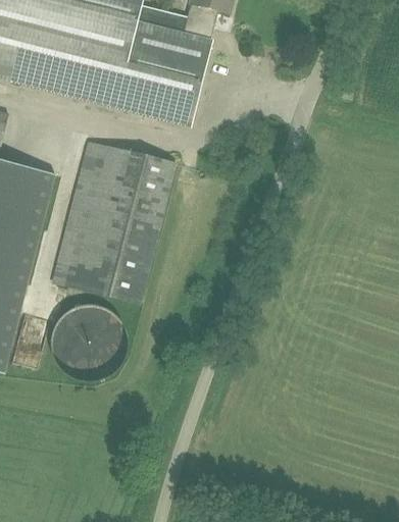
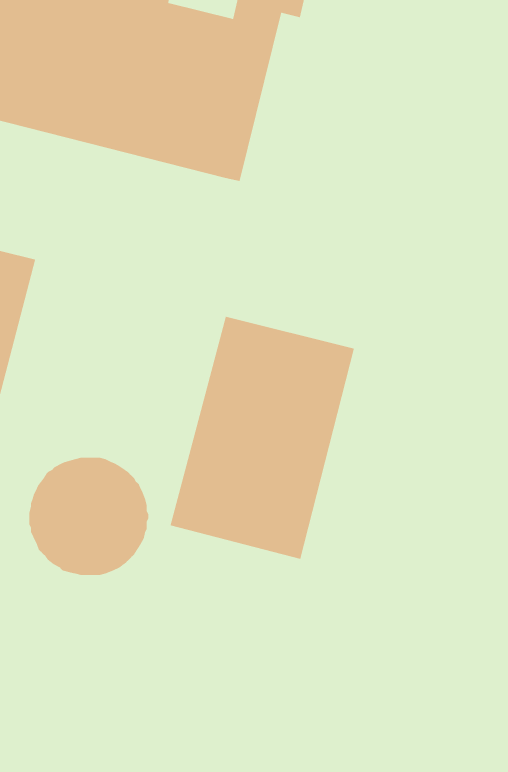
building: [52,144,174,305] -> [170,316,355,560]

